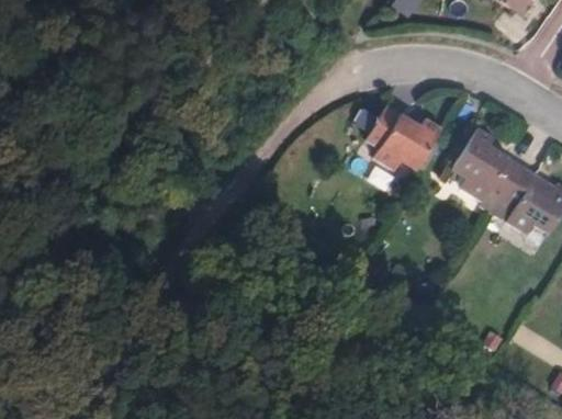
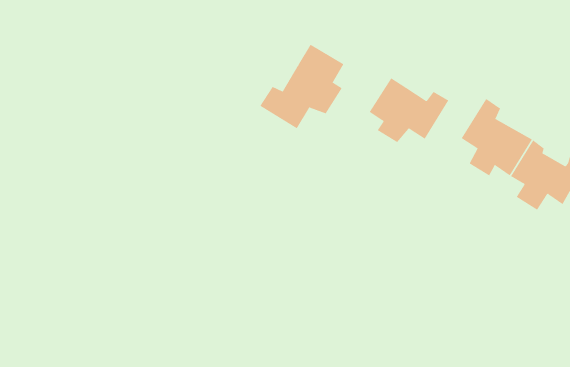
building: none -> [260,44,344,129]

